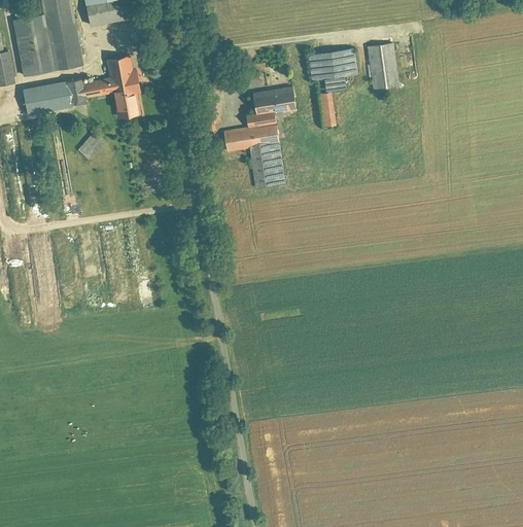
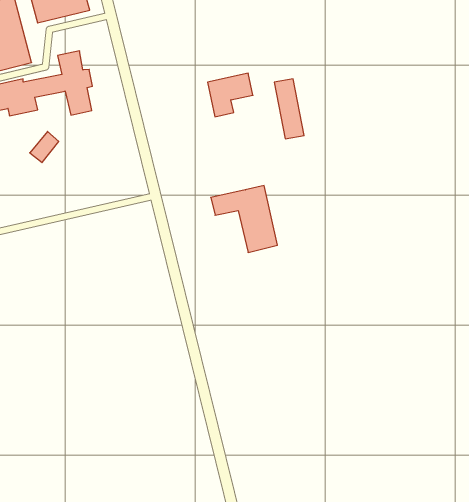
building: [369,45,397,87] -> none
building: [309,48,355,92] -> none
building: [222,124,284,187] -> [211,186,277,252]

